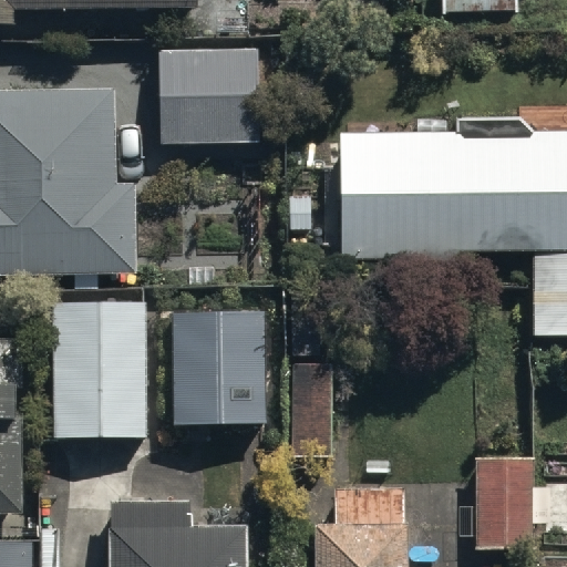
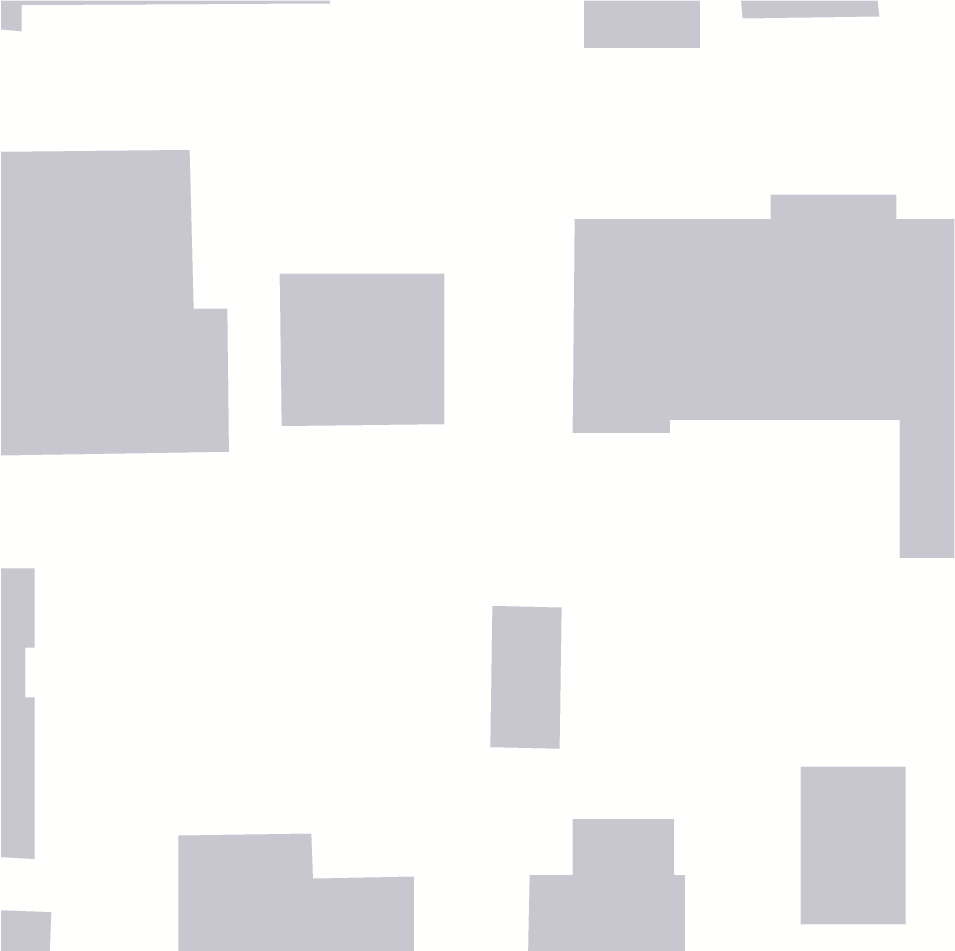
building: [161,51,259,142] -> [279,273,445,426]
building: [52,300,145,436] -> none
building: [171,310,266,423] -> none

